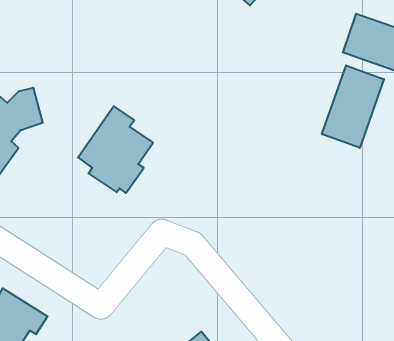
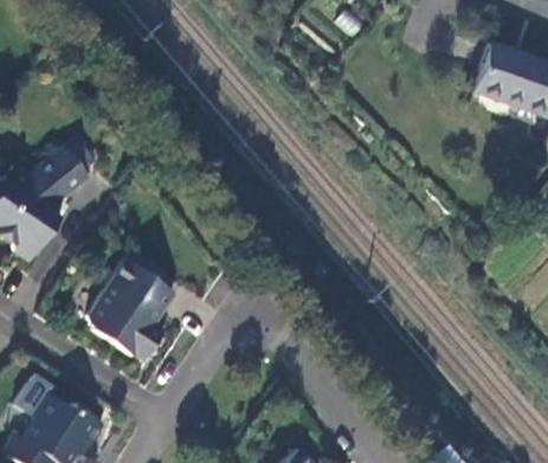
building: [322,65,384,148] -> none
building: [78,106,153,193] -> [89,250,183,360]

